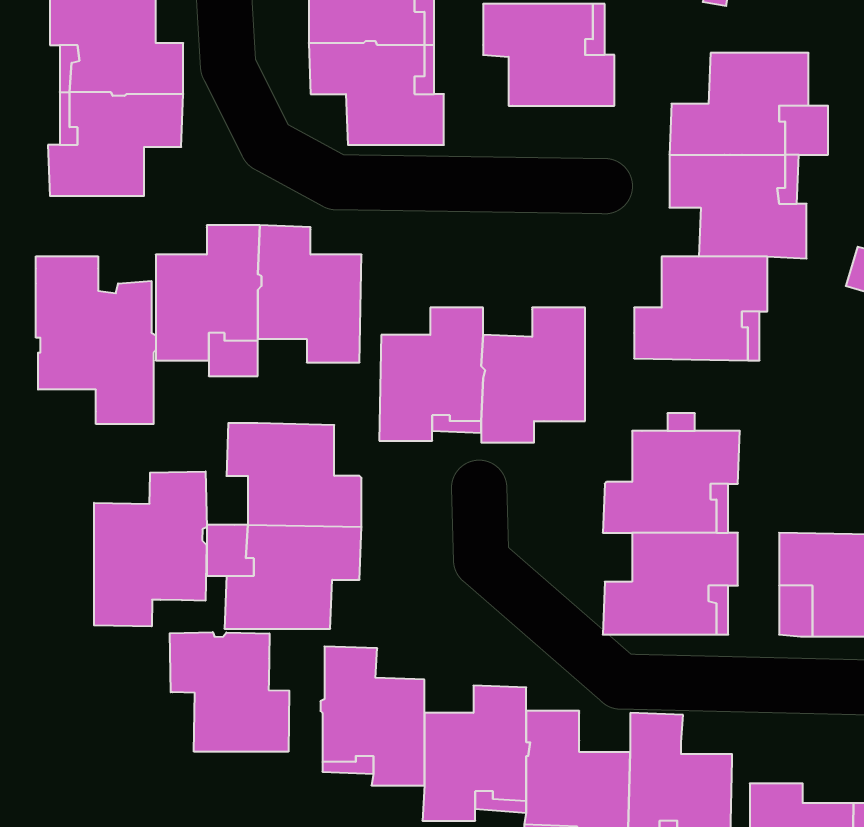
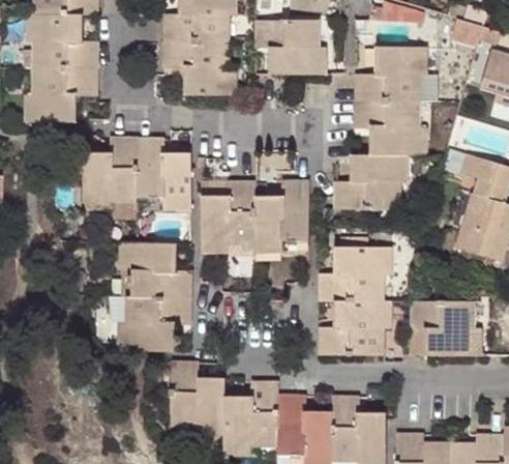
building: [36,256,156,424] -> none
building: [94,471,207,626] -> none
building: [170,632,289,752] -> none

